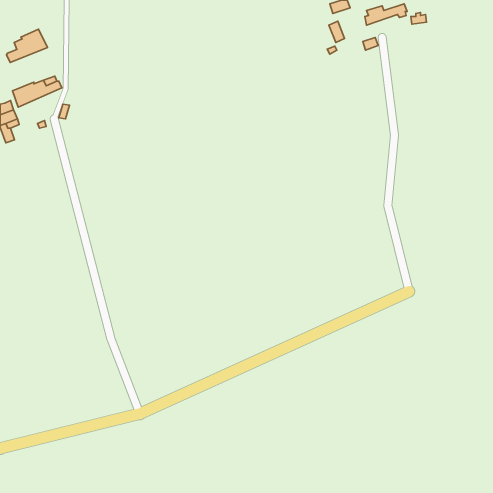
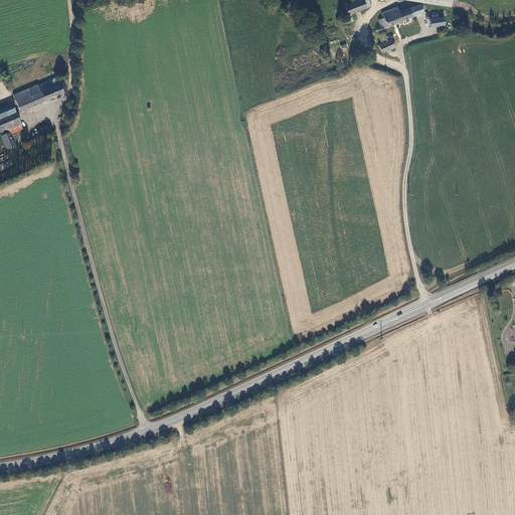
building: [7,29,47,63] -> none

